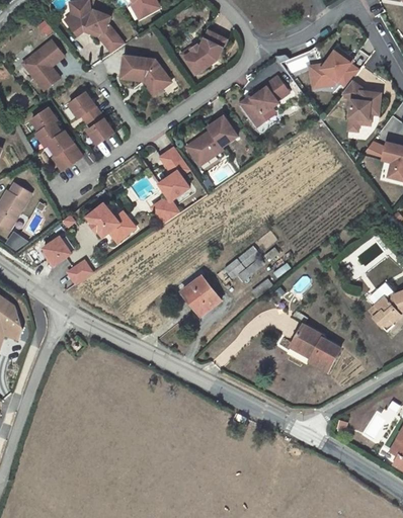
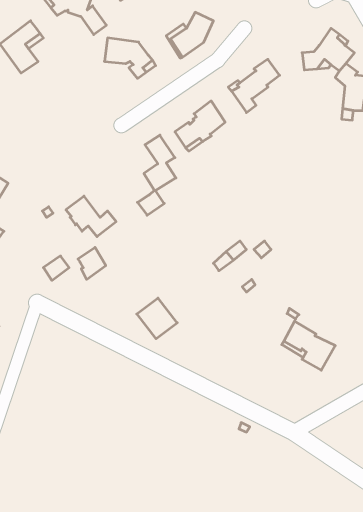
building: [70,92,114,145] -> none
building: [30,107,82,170] -> none
building: [43,237,69,267] -> [78,247,106,279]
building: [182,276,221,315] -> [137,298,177,339]

